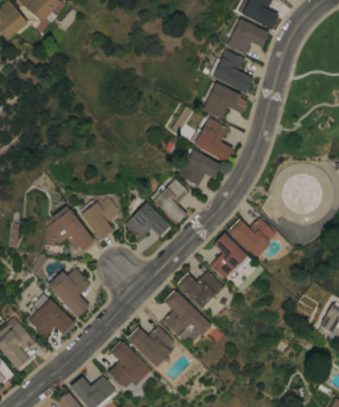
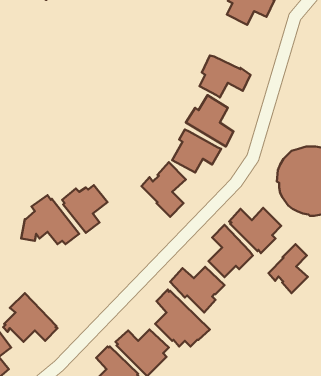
building: [209,50,253,93] -> none
building: [124,199,171,240] -> none
building: none -> [268,244,308,293]
building: [48,268,90,318] -> none

